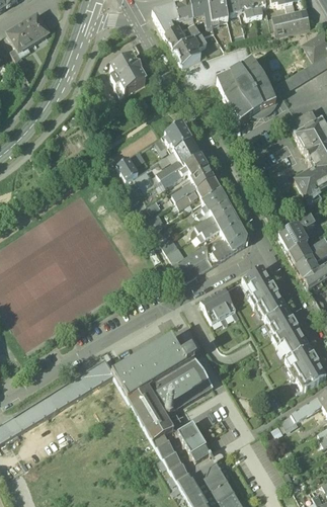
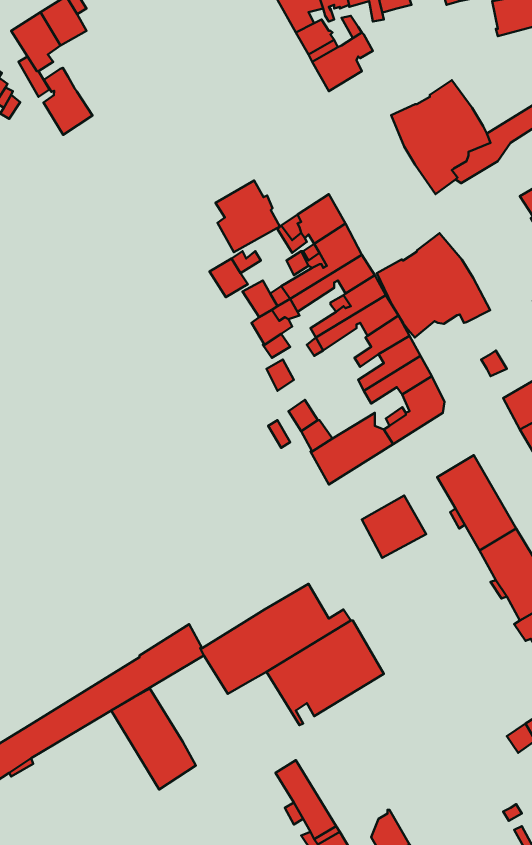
building: none -> [44,68,92,135]
building: [111,55,147,94] -> [216,181,280,252]
building: none -> [377,233,490,337]
building: [128,385,174,440] -> [111,688,196,790]
building: [179,422,212,460] -> none

